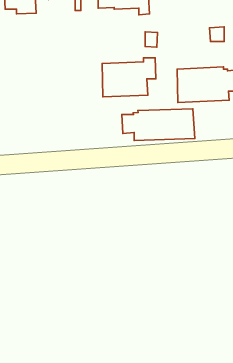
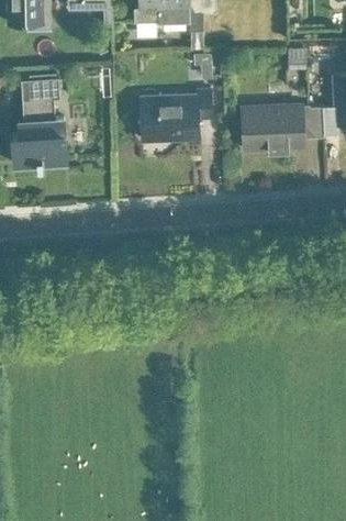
building: none -> [11,77,66,165]
building: [122,109,195,141] -> none

